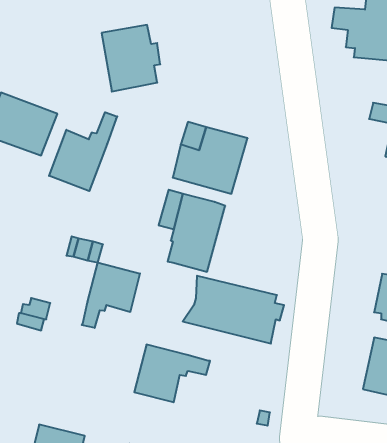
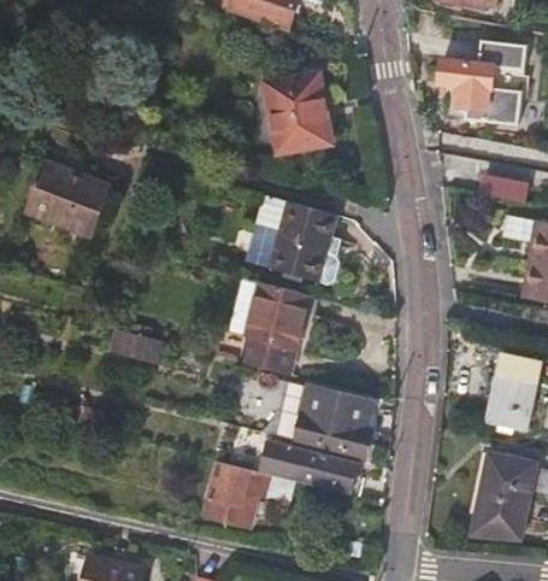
building: [102,25,160,92] -> [265,74,335,153]
building: [49,112,117,191] -> none
building: [82,263,140,328] -> none
building: none -> [265,442,358,494]

